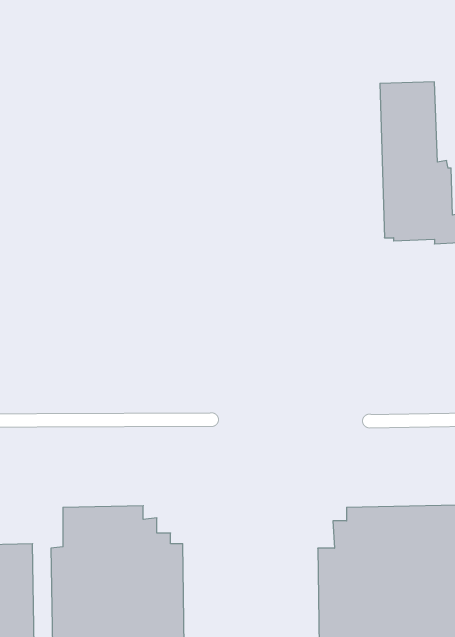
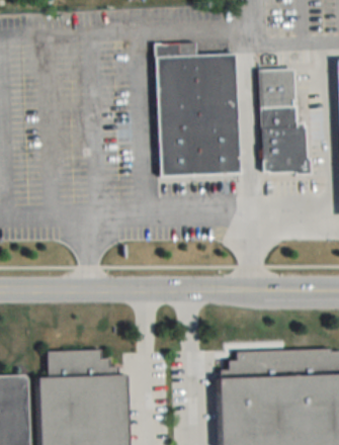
building: none -> [154,42,240,176]

